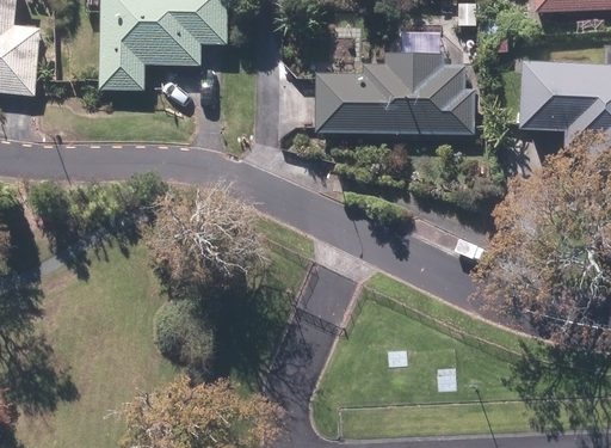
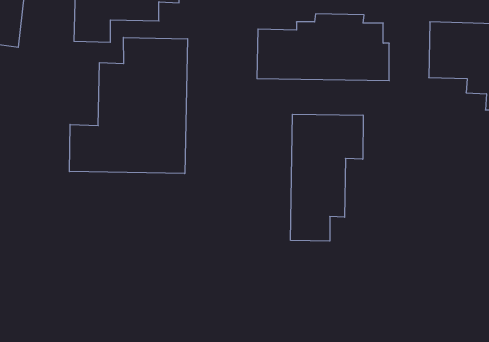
building: none -> [69,37,188,174]
building: none -> [291,114,363,241]

